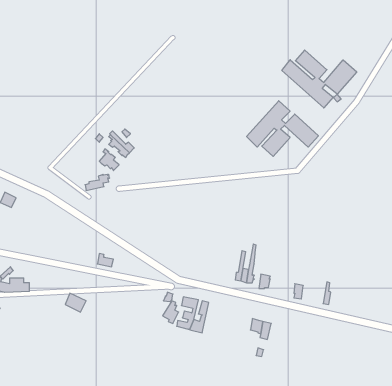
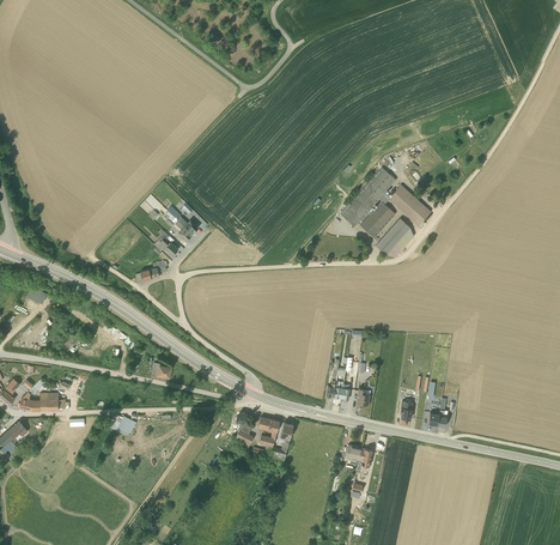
building: [282,50,357,108] -> none
building: none -> [375,218,413,258]

